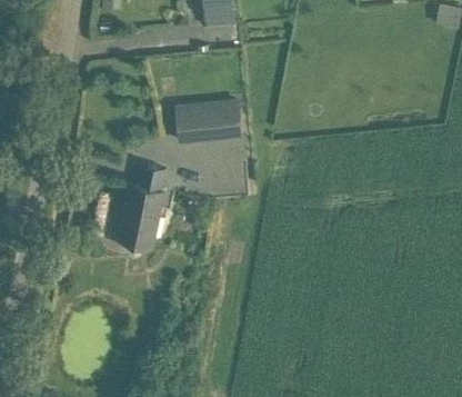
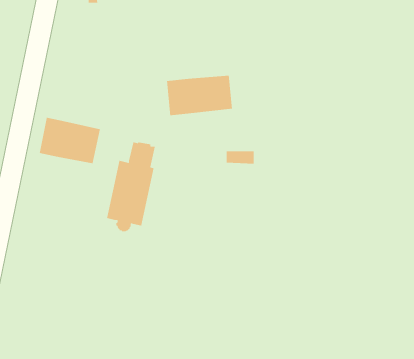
building: none -> [39,117,101,164]

